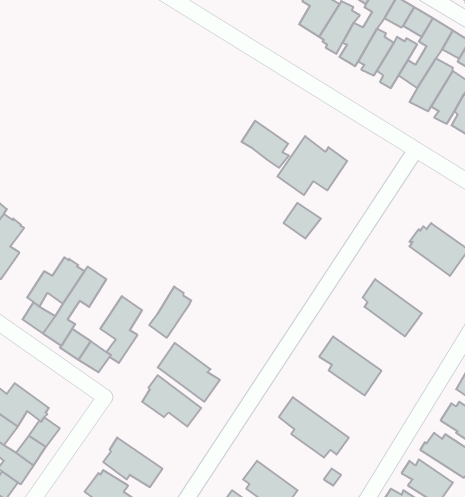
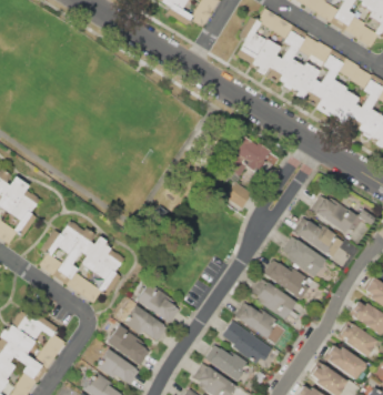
building: [242,121,289,168] -> none
building: none -> [293,219,342,259]
building: [149,286,191,338] -> [81,236,111,273]
building: none -> [263,264,310,301]
building: none -> [238,306,275,338]
building: none -> [107,325,150,366]
building: none -> [209,348,246,381]

